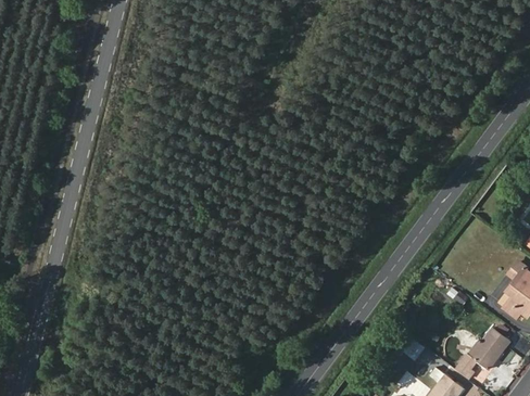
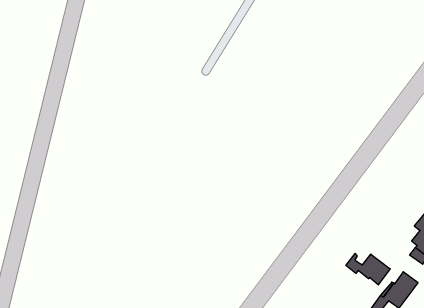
building: none -> [346,253,390,285]

